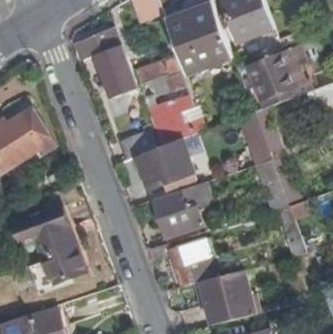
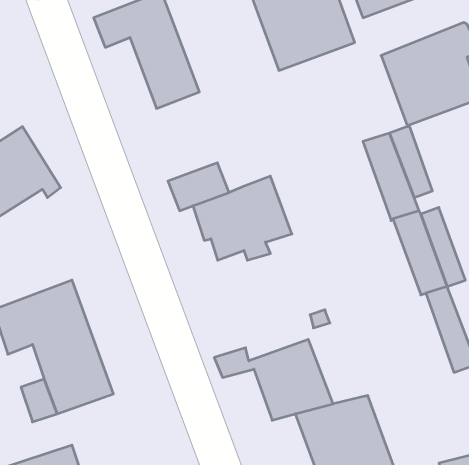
building: [135,58,182,96] -> none
building: [141,94,205,146] -> none
building: [151,183,209,238] -> none

